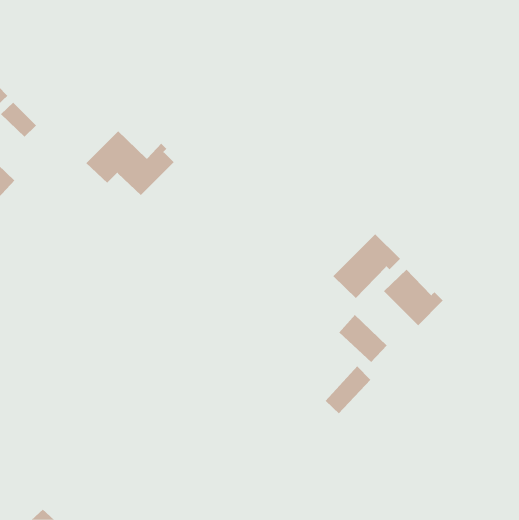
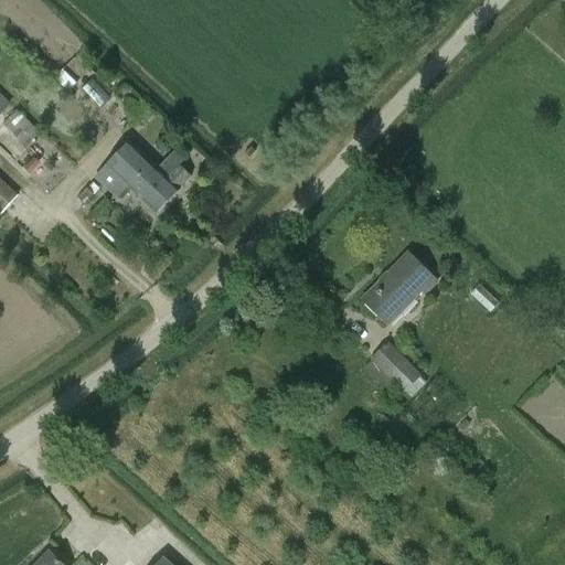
building: [383,269,443,326] -> none
building: [325,366,371,414] -> none

